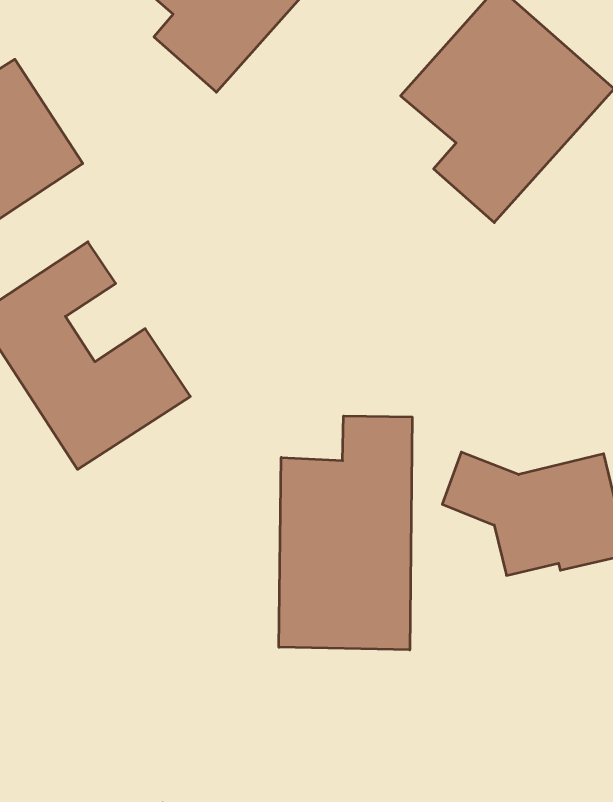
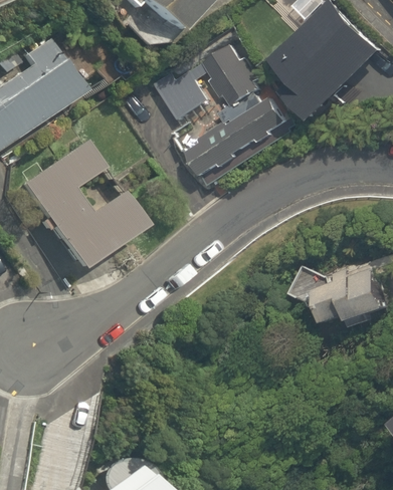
building: none -> [155,29,294,183]
building: [279,416,412,650] -> none

